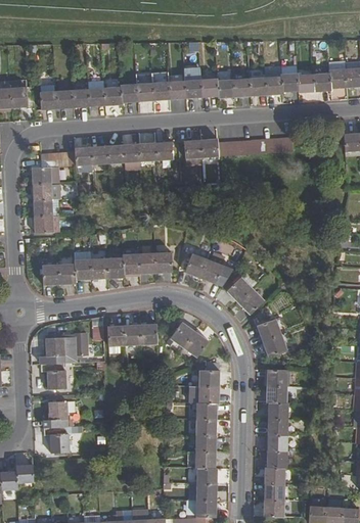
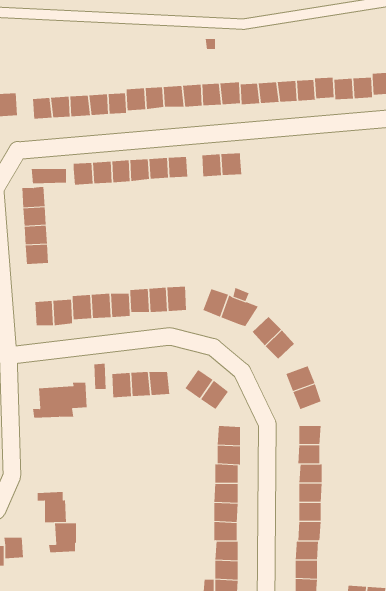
building: [220,137,291,160] -> none
building: [41,363,66,388] -> none
building: [43,401,68,427] -> [48,523,77,553]

